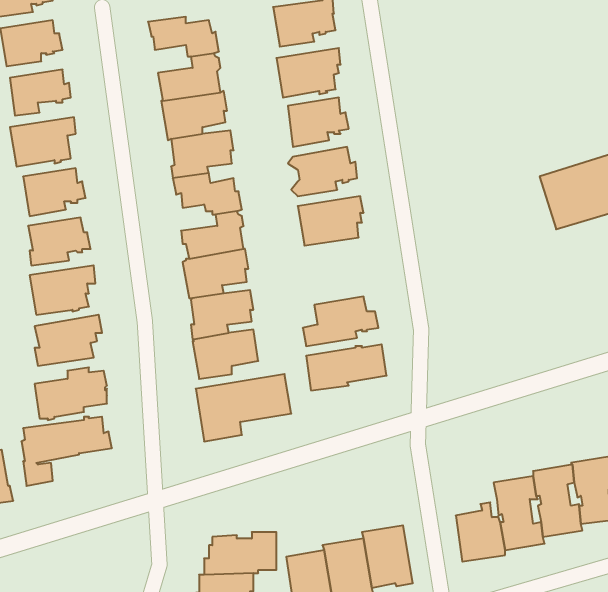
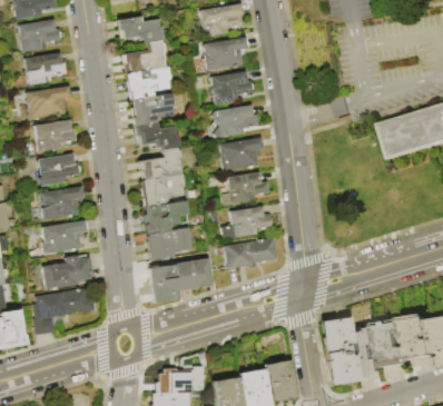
building: none -> [222,172,269,207]
building: none -> [319,317,353,347]

